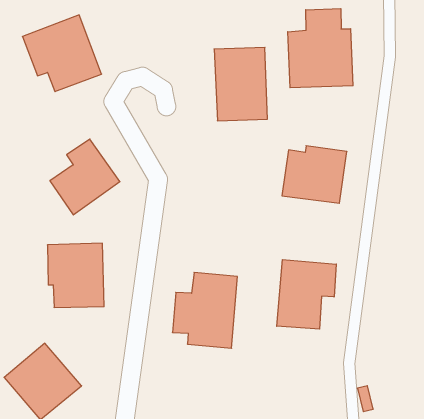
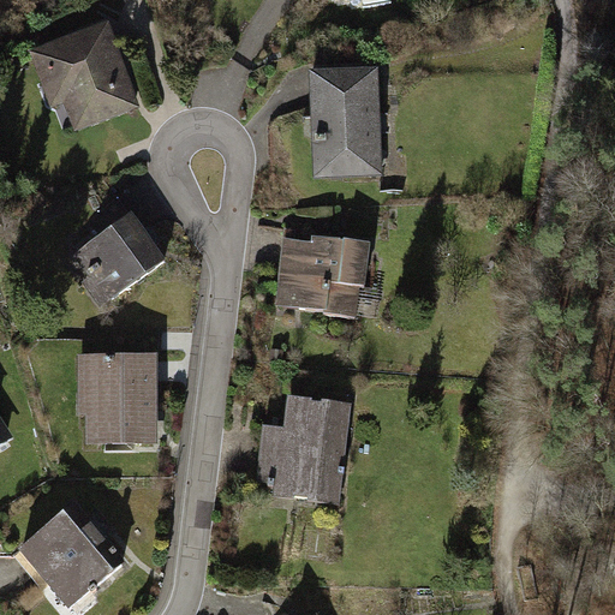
building: [288,9,353,88] -> none
building: [282,146,347,203] -> [277,233,371,316]
building: [277,260,336,329] -> none

